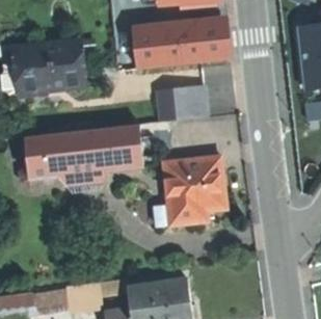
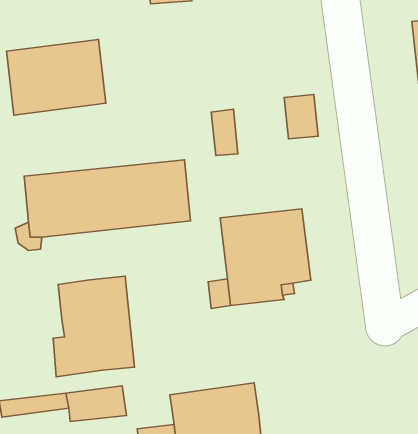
building: [130,29,229,70] -> none
building: [171,85,205,119] -> none
building: none -> [53,276,134,377]

